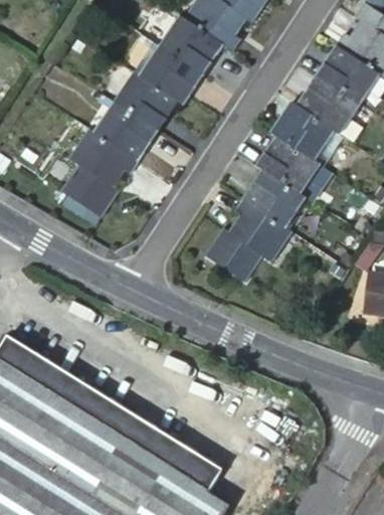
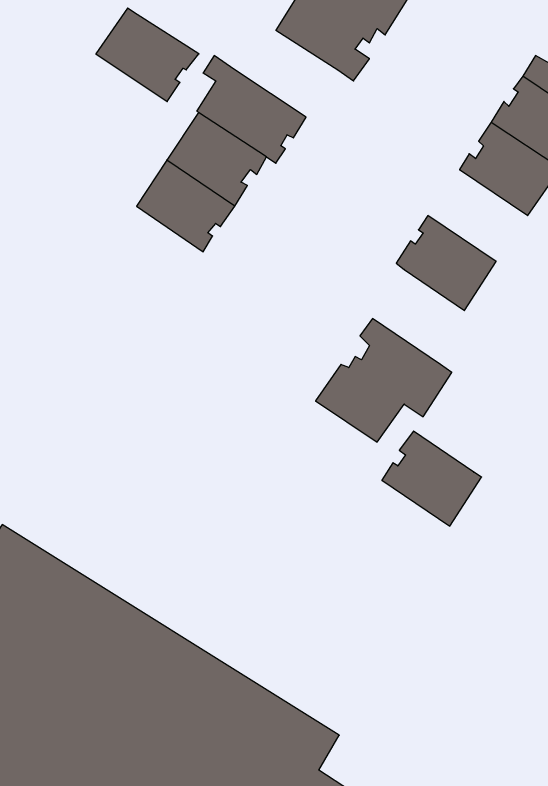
building: [155,16,220,75] -> [96,8,199,102]
building: [272,105,346,171] -> none
building: [57,128,135,217] -> none
building: [242,172,306,232] -> [382,431,482,526]

